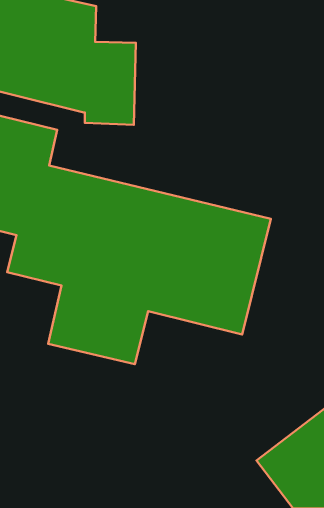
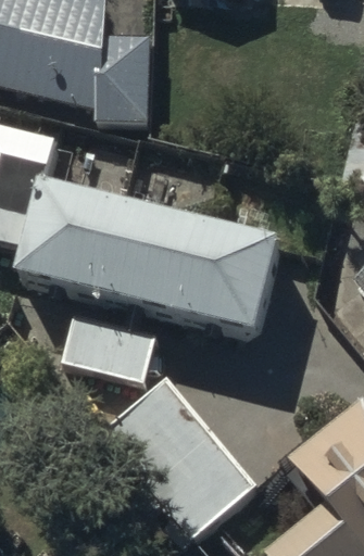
building: none -> [110,377,252,527]

